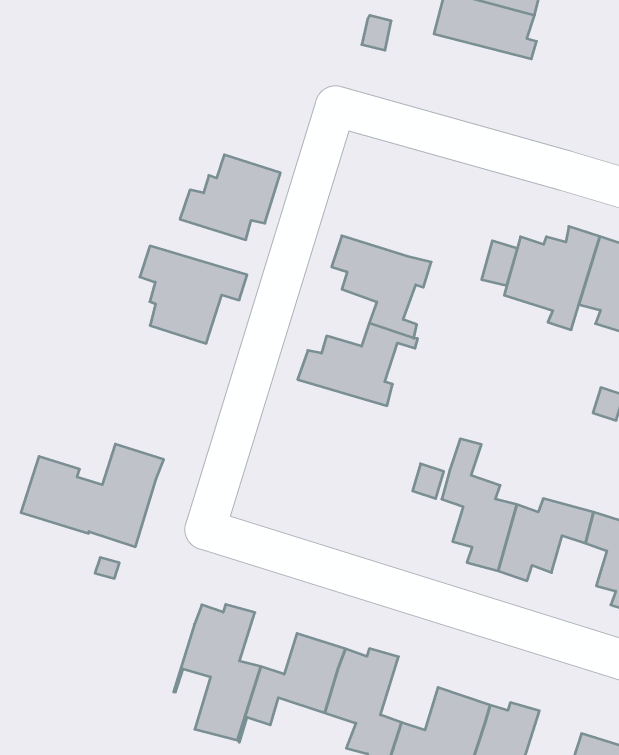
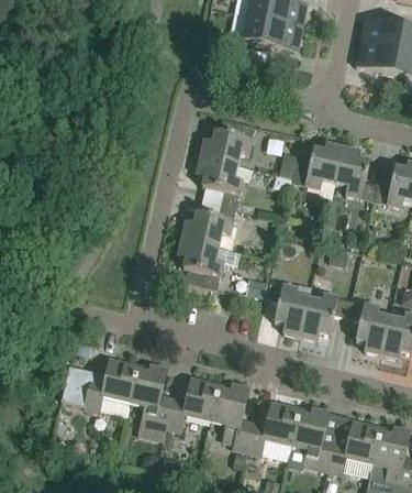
building: [180,155,280,240] -> [200,118,254,164]
building: [140,246,247,343] -> [177,237,236,288]
building: [21,444,164,547] -> [60,359,137,415]

